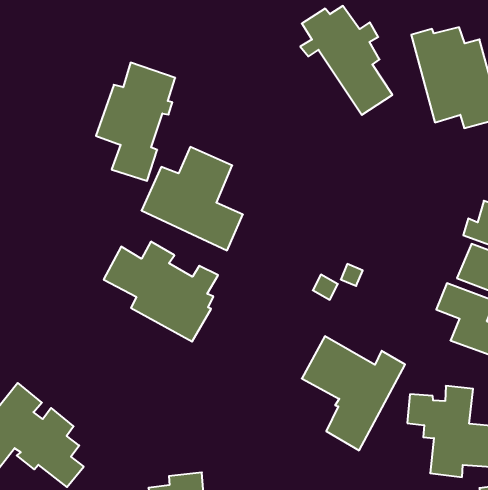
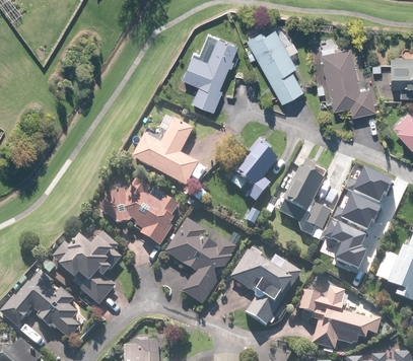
building: [96,63,175,181] -> [182,30,237,111]
building: none -> [231,139,278,202]
building: none -> [278,159,333,240]
building: none -> [164,219,240,304]
building: none -> [52,231,119,303]

